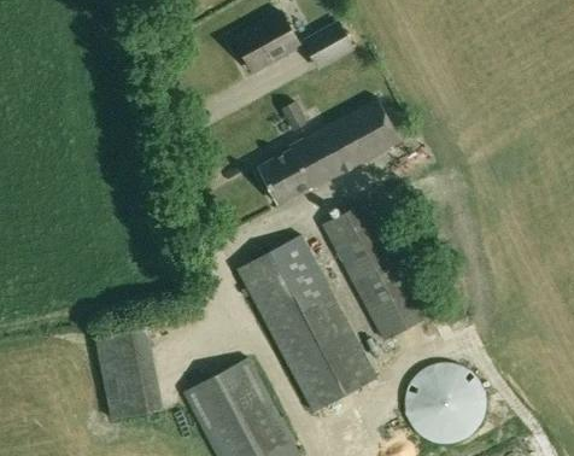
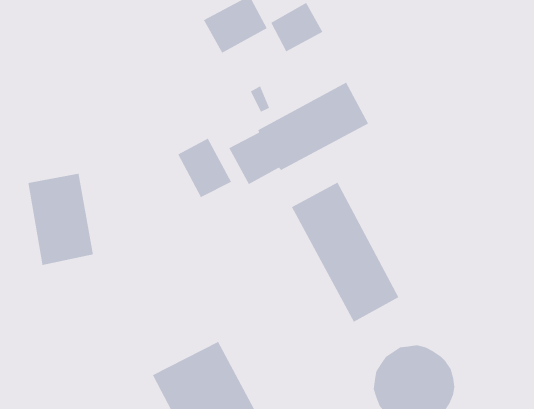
building: none -> [177,137,232,198]
building: [236,234,379,411] -> none
building: [95,327,162,420] -> [27,173,94,266]

